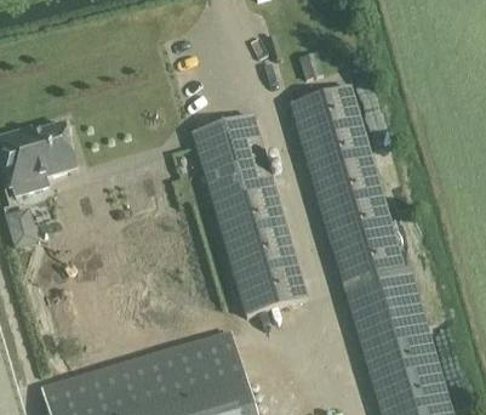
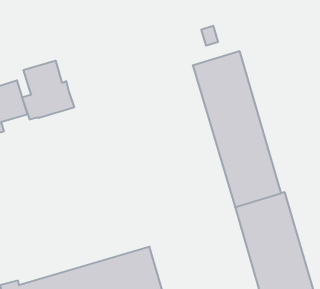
building: none -> [22,61,74,120]
building: [193,115,308,317] -> none

